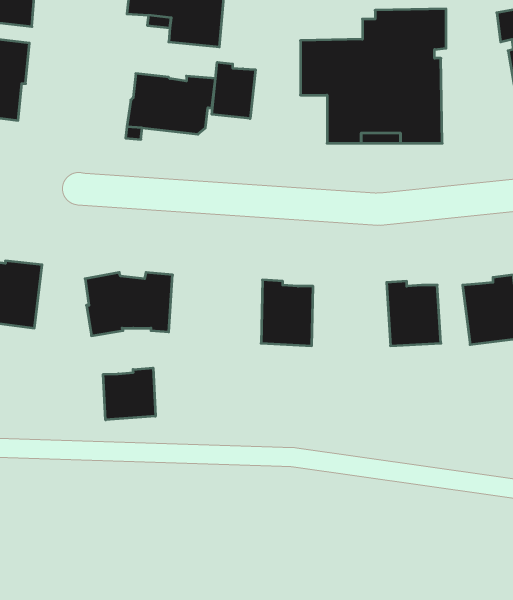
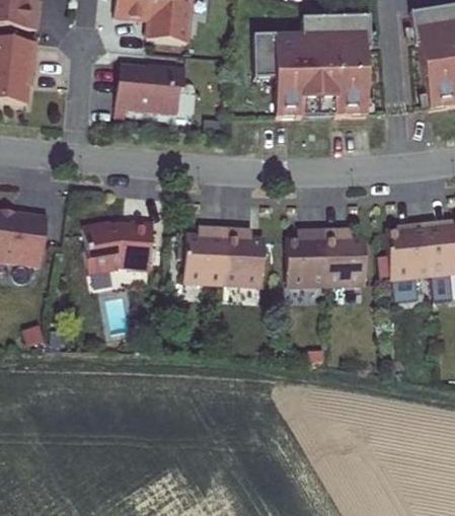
building: [212,62,255,119] -> none
building: none -> [181,227,223,278]
building: none -> [282,229,325,282]
building: [103,368,155,420] -> none

